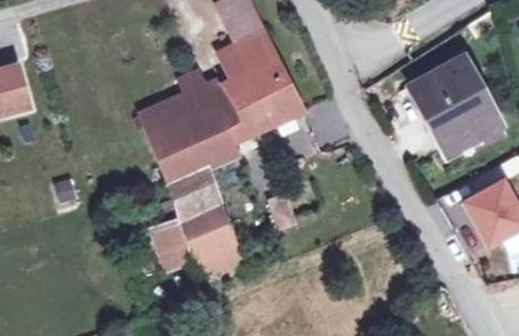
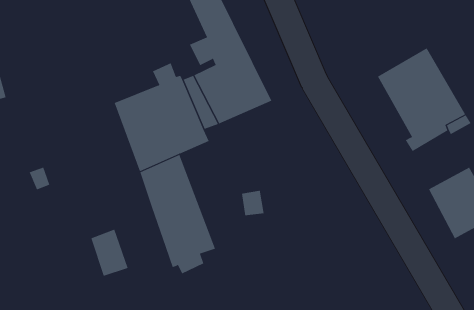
building: [153,217,192,266] -> [90,229,129,277]

